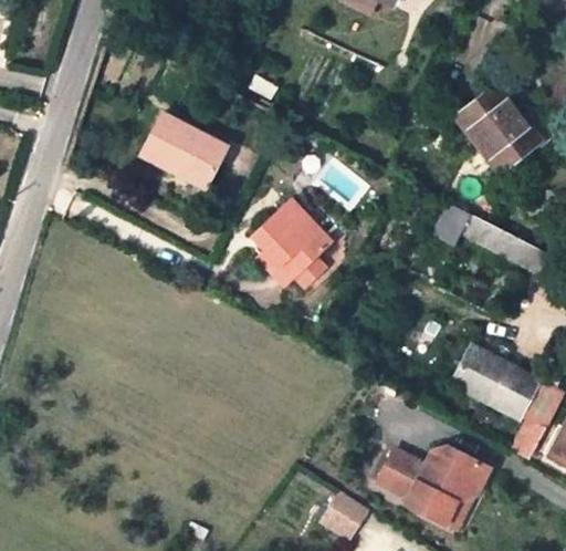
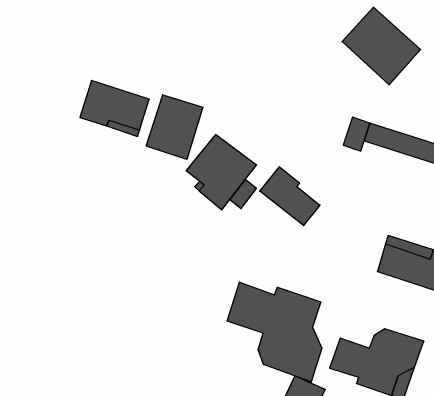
building: none -> [146,95,203,159]
building: none -> [260,167,320,226]
building: none -> [227,282,322,382]

